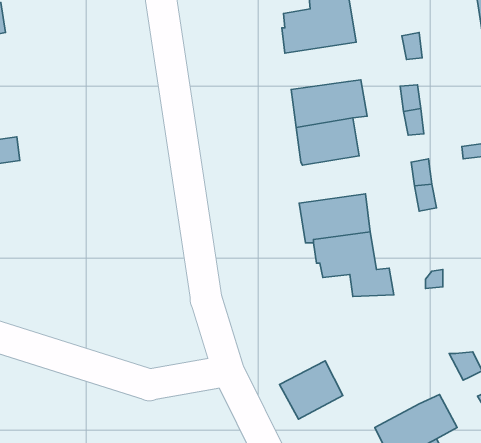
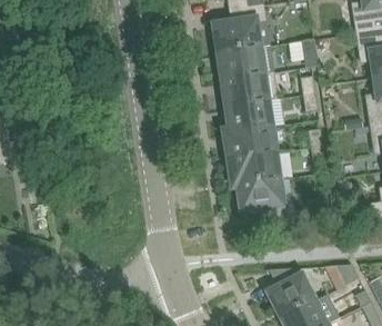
building: none -> [218,41,271,75]
building: none -> [223,121,274,155]
building: [280,361,343,419] -> [268,271,312,313]

